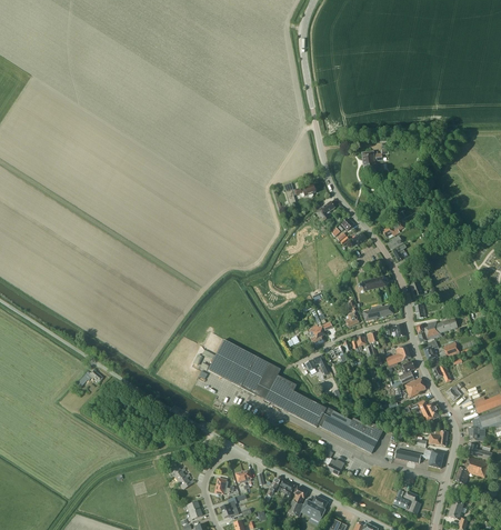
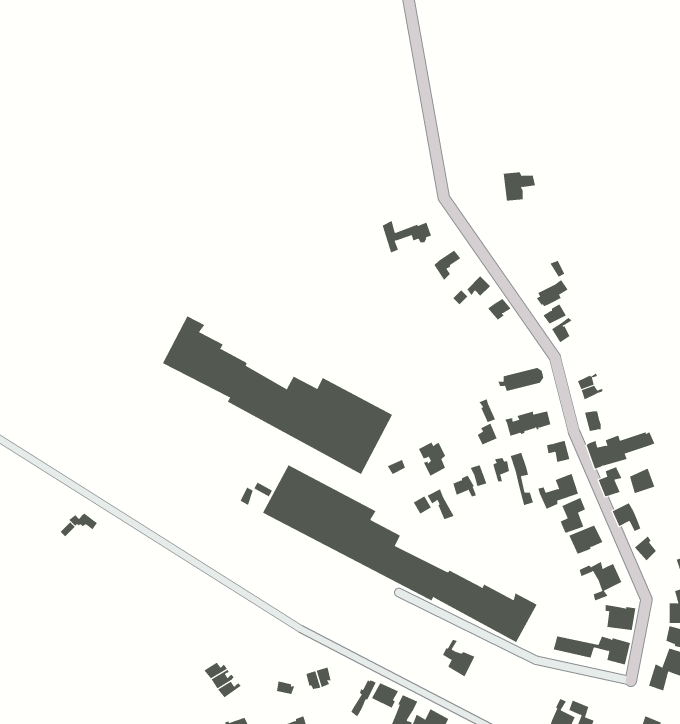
building: none -> [162,316,393,475]

